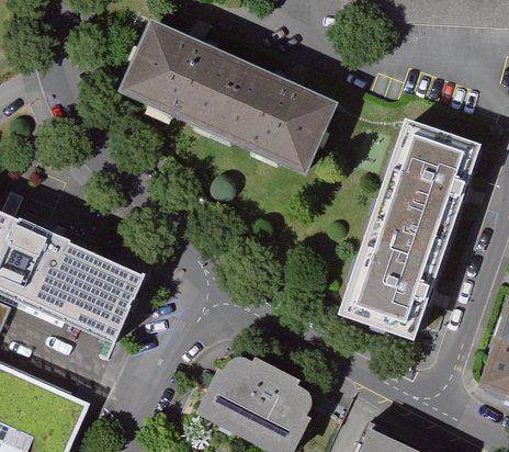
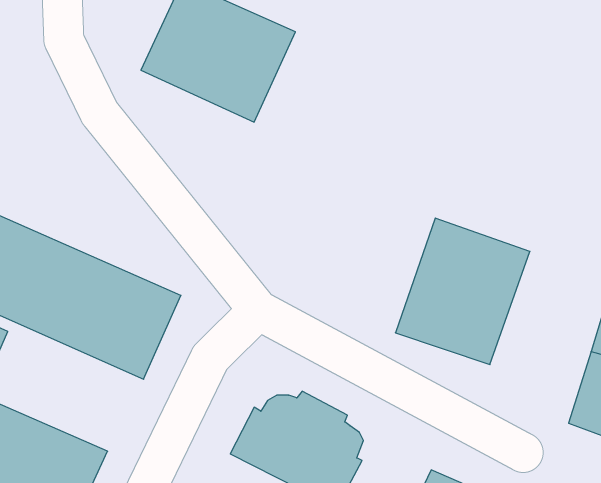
building: [218,63,340,177] -> none
building: [367,123,477,244] -> none

